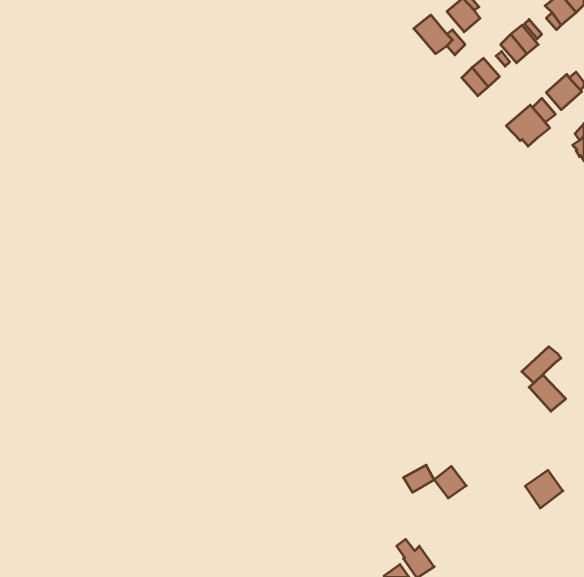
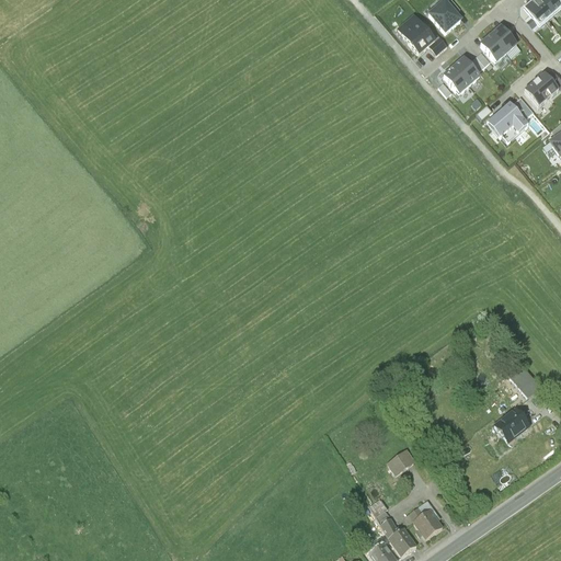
building: [522,347,561,383] -> none
building: [434,466,466,498] -> [413,506,444,537]
building: [525,470,563,508] -> [494,404,530,440]

